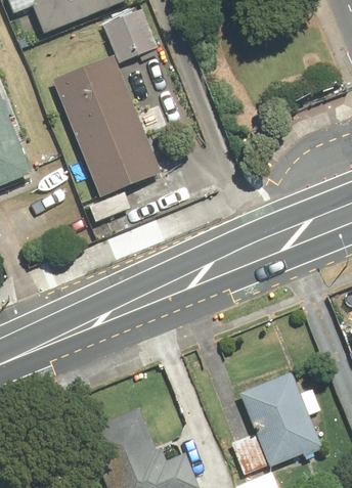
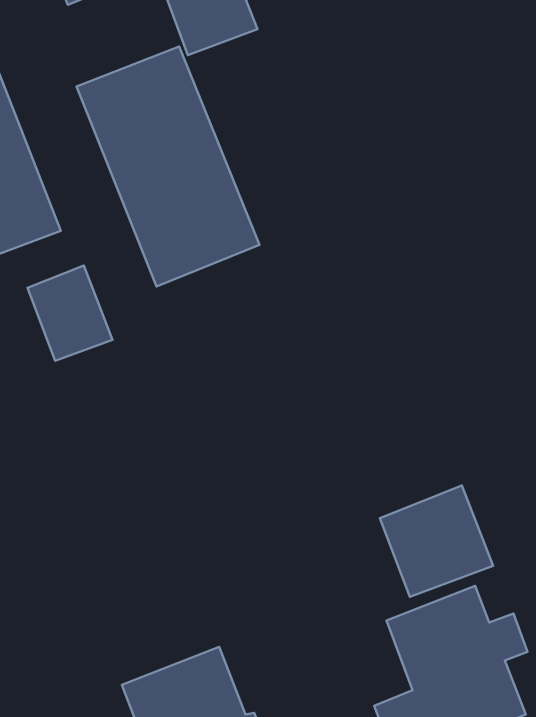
building: none -> [27,265,113,361]
building: none -> [380,486,493,597]

